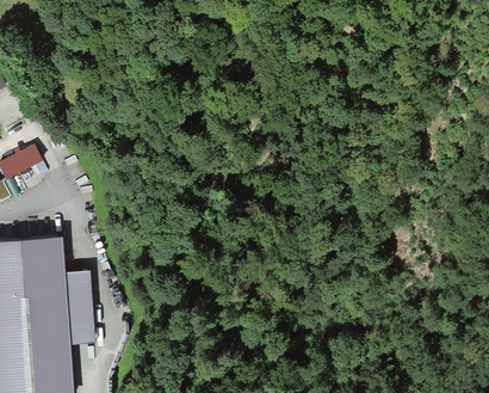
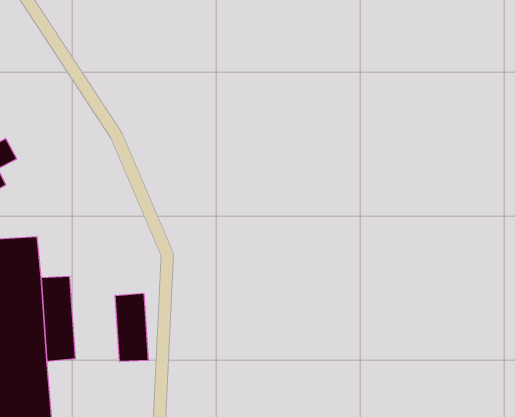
building: none -> [115,293,148,362]

